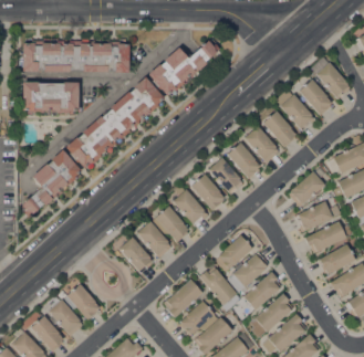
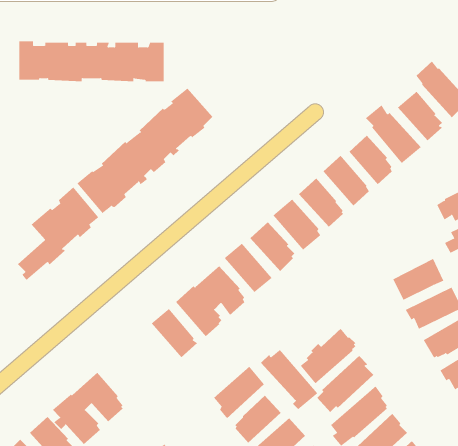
building: [148,41,220,96] -> none
building: [23,82,79,114] -> none
building: [289,168,326,208] -> none
building: [216,235,252,272] -> none

